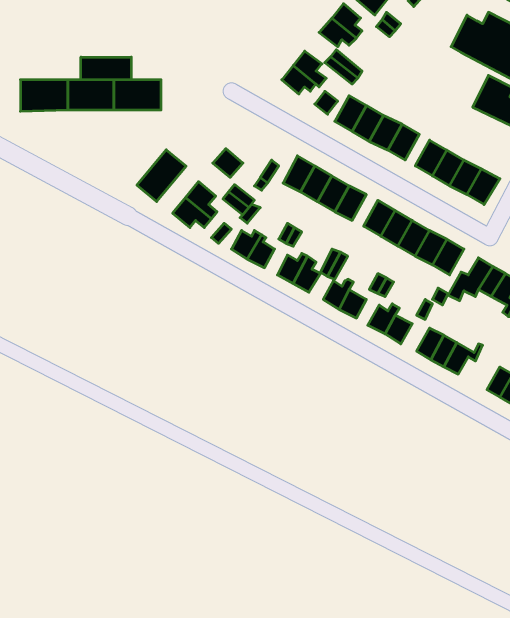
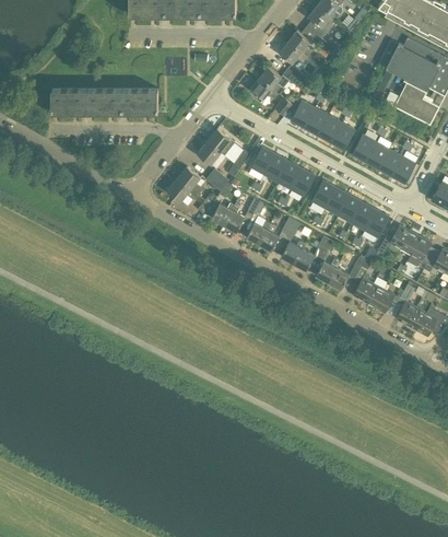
building: [81,57,131,80] -> none
building: none -> [208,128,239,159]
building: [137,150,186,202] -> none
building: none -> [396,282,416,325]

